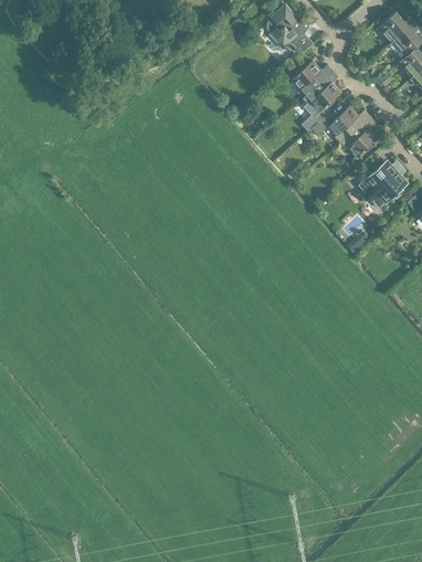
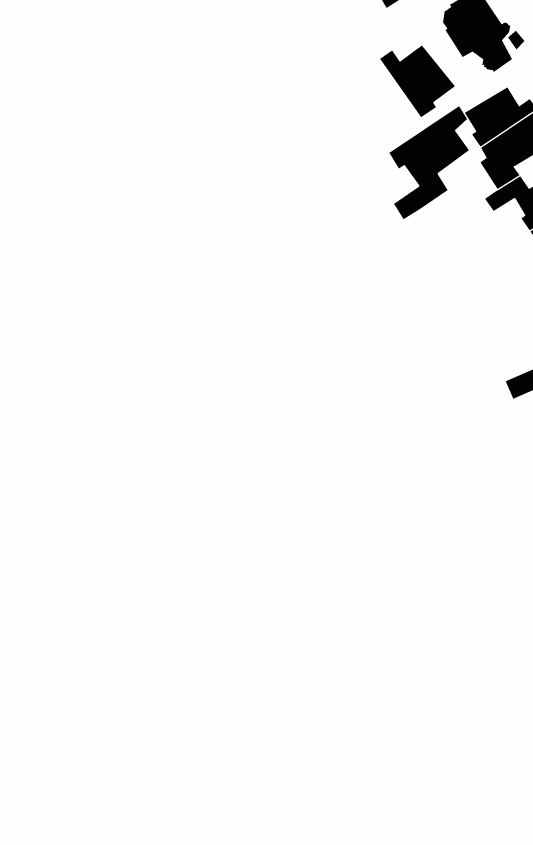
building: none -> [379,44,456,118]
building: none -> [389,105,470,220]

